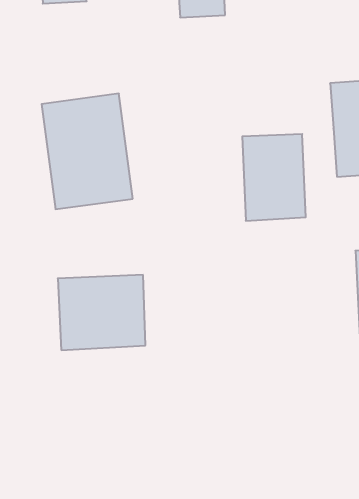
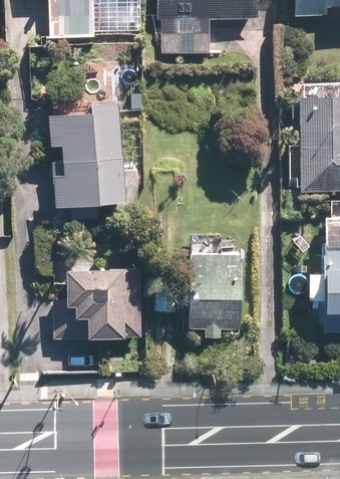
building: [242,134,306,221] -> [190,253,245,328]

